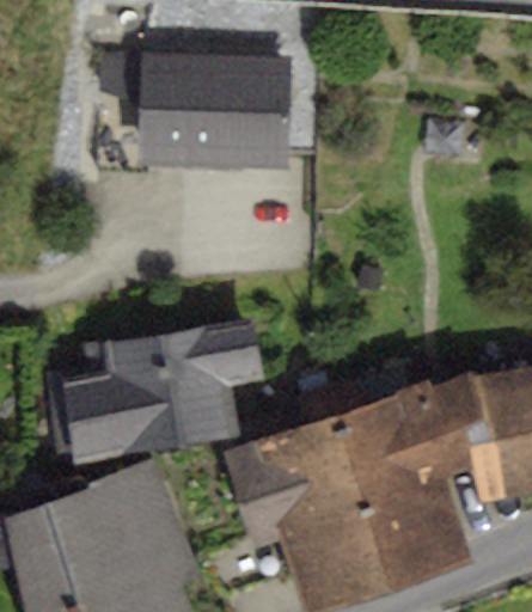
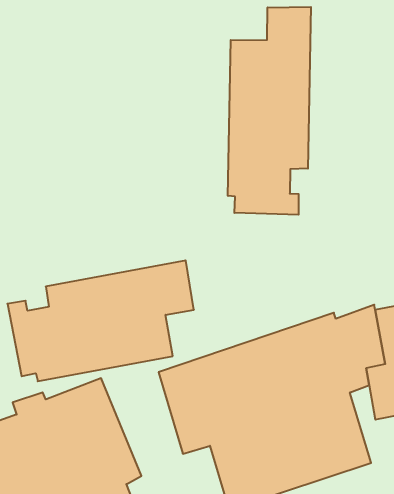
building: none -> [228,7,311,215]
building: [100,56,293,172] -> none

